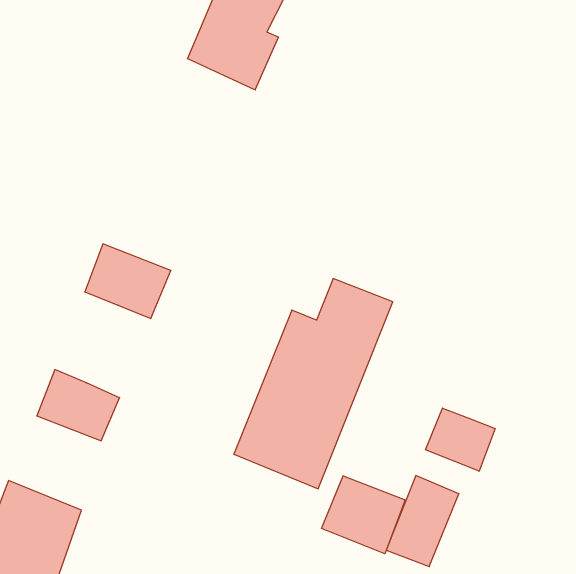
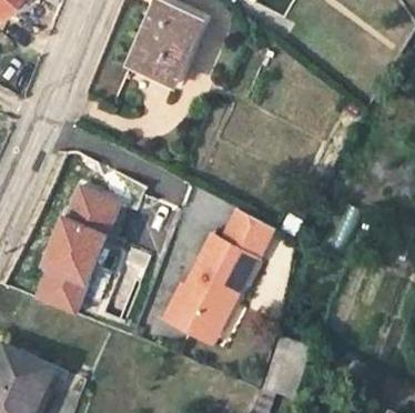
building: none -> [36,214,107,286]
building: [425,408,495,471] -> none
building: [322,476,405,554] -> none

